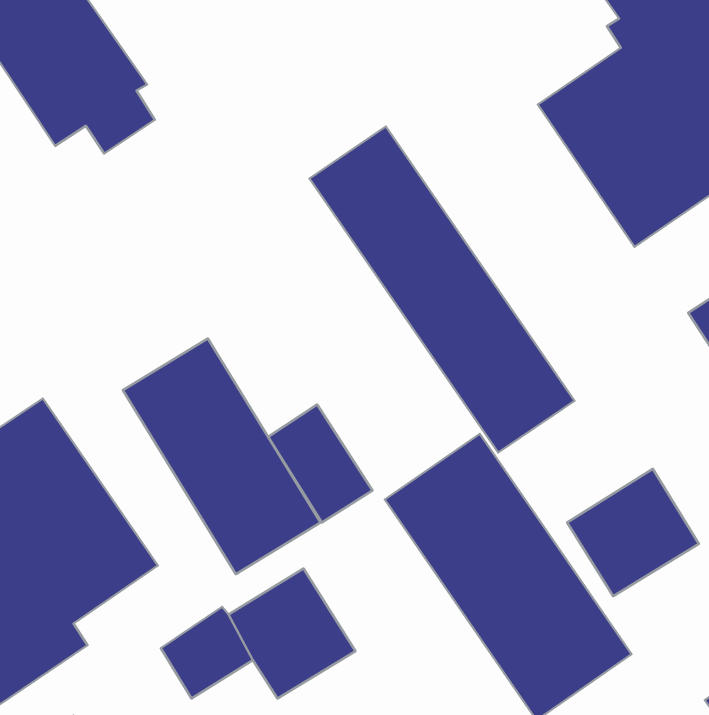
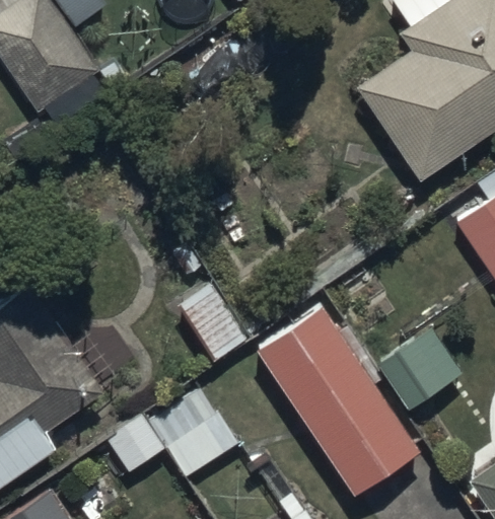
building: [309,127,574,452] -> none
building: [123,339,321,574] -> none

